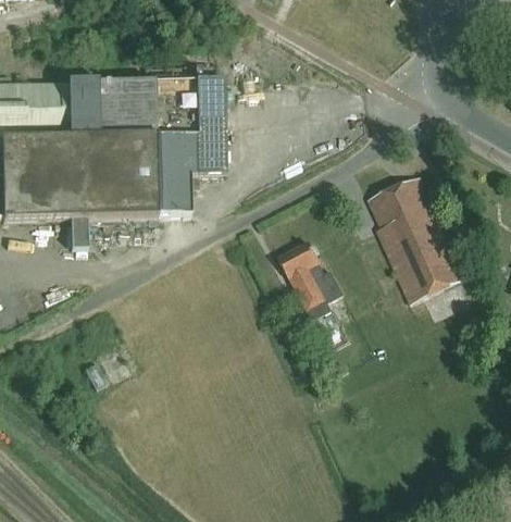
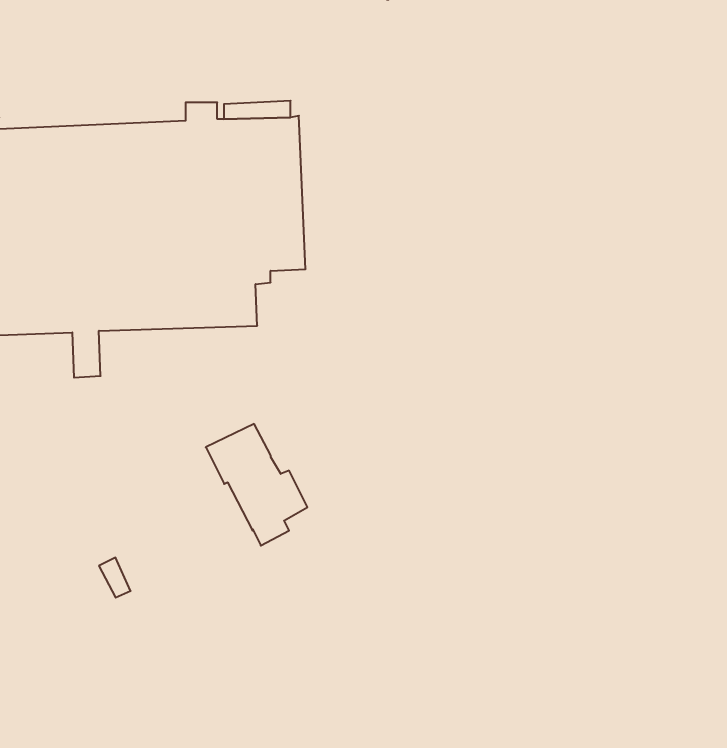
building: [369,174,465,302] -> none
building: [275,240,341,320] -> [206,424,307,546]

